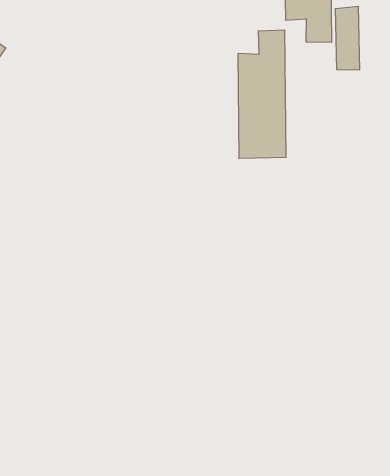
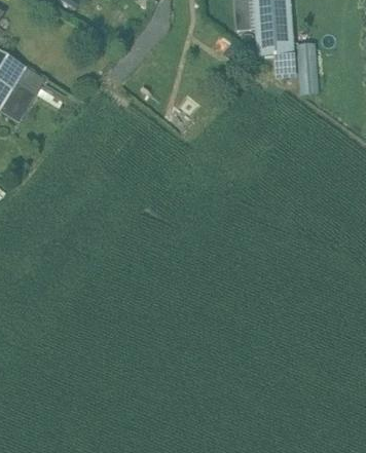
building: [238,30,286,159] -> none

